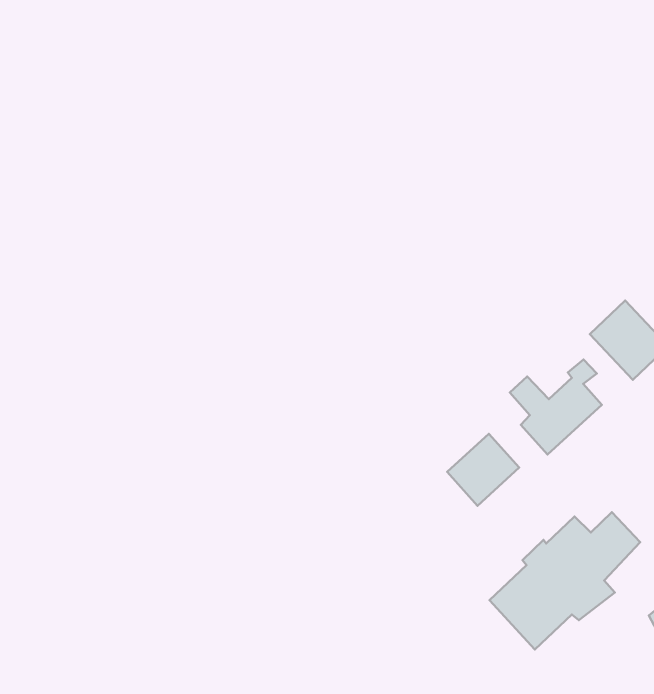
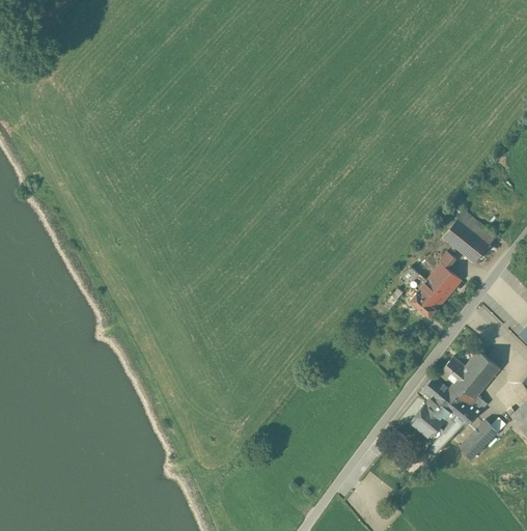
building: [447,434,519,506] -> none
building: none -> [460,421,498,463]

